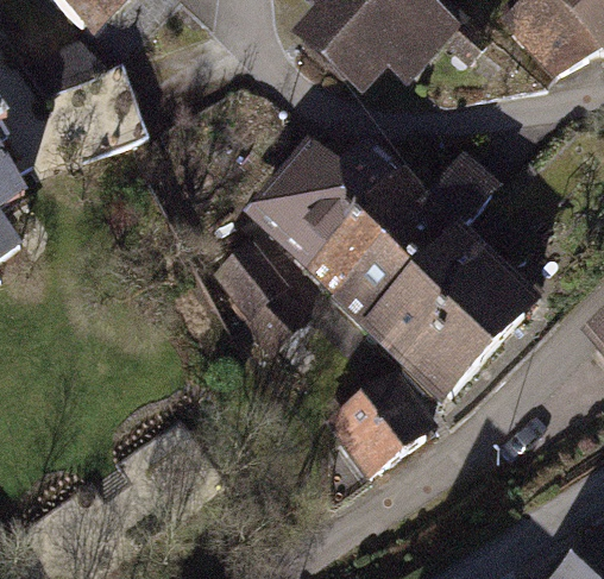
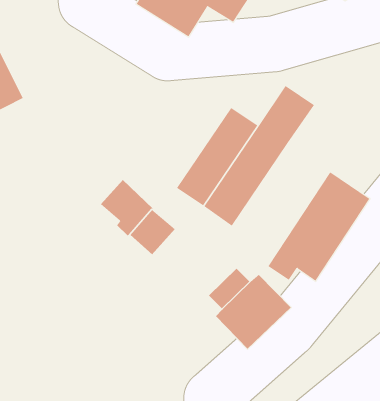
building: [248,149,391,268] -> none
building: [371,234,499,366] -> none

